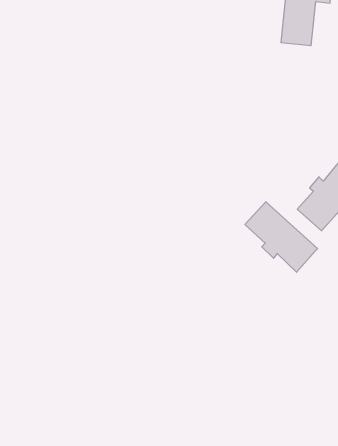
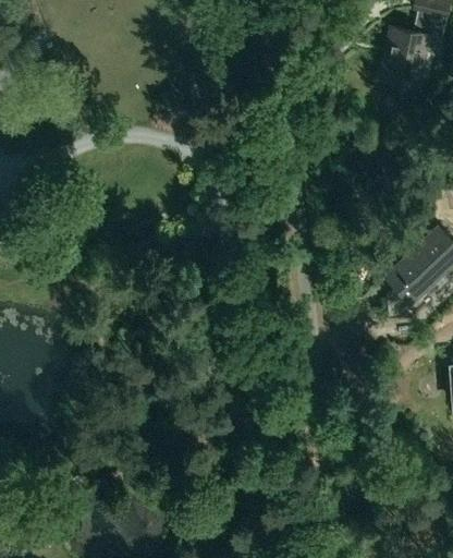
building: [245,202,318,272] -> none

